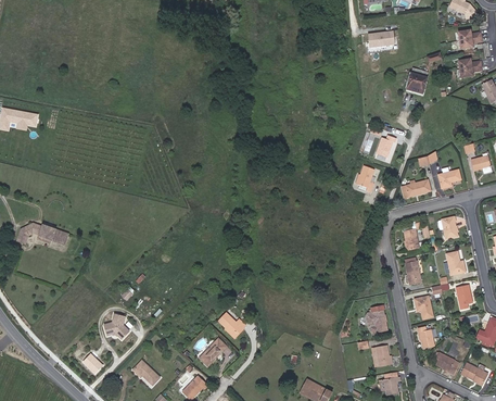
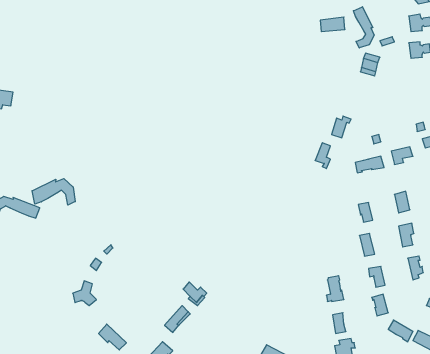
building: none -> [353,7,374,48]
building: none -> [32,179,75,205]

